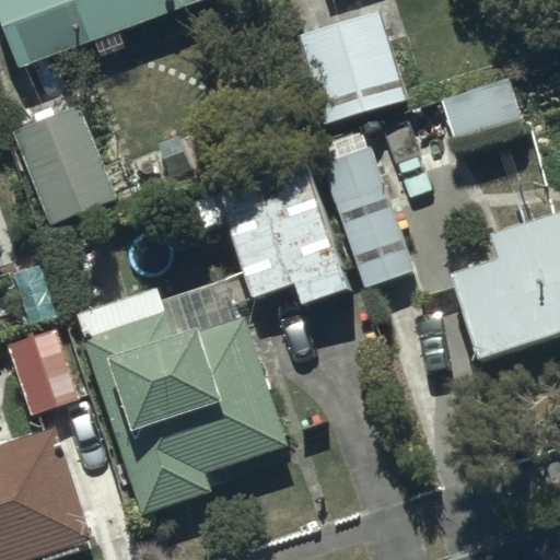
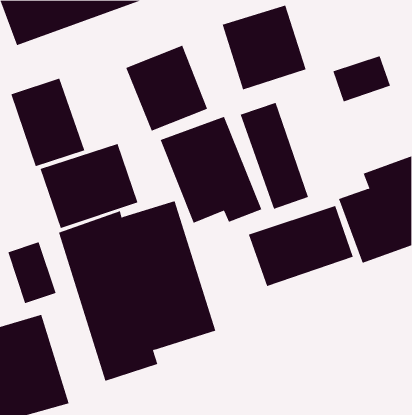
building: none -> [125,45,208,132]
building: none -> [40,143,138,229]
building: none -> [248,205,354,287]

